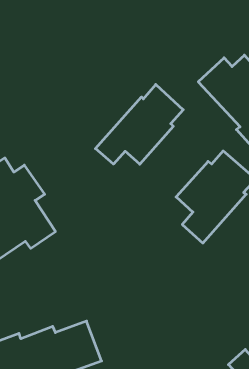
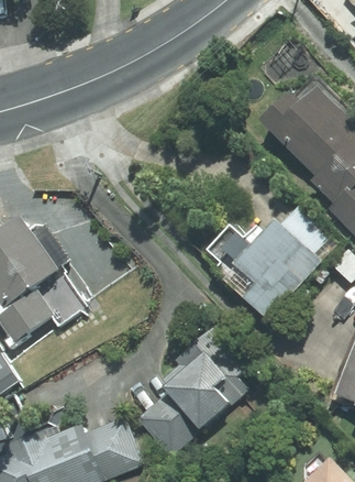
building: [95,84,183,164] -> none
building: none -> [134,326,247,458]

